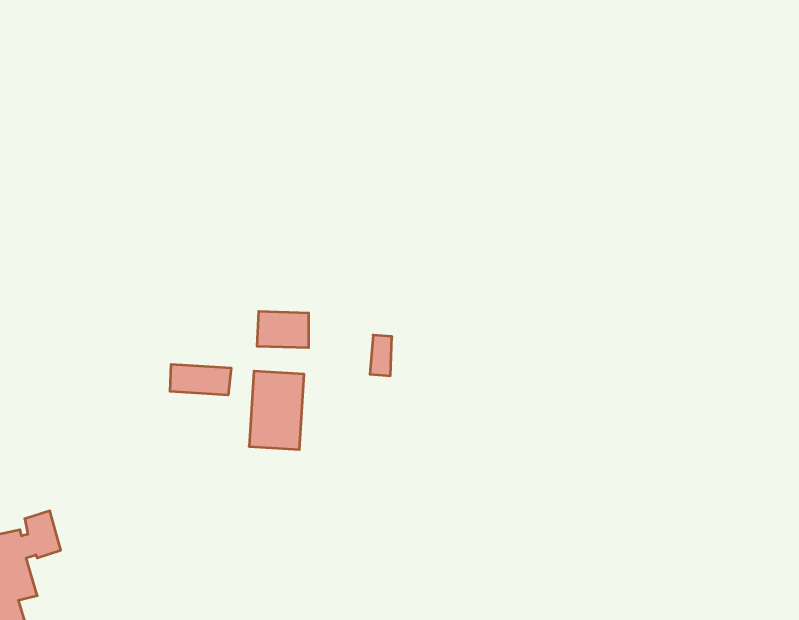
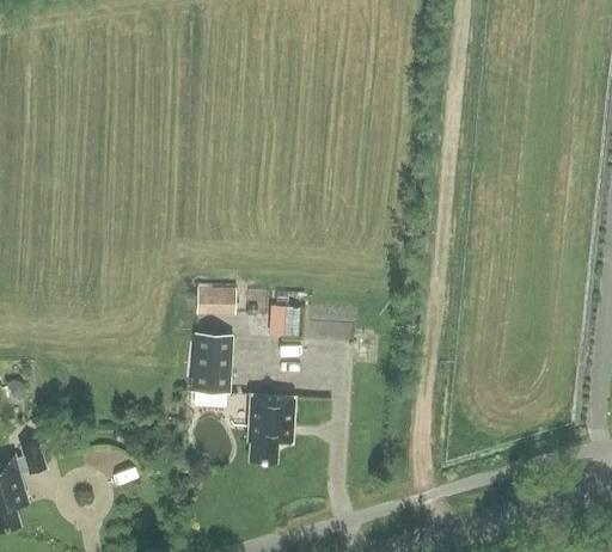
building: [170,364,231,395] -> none
building: none -> [246,392,295,462]

